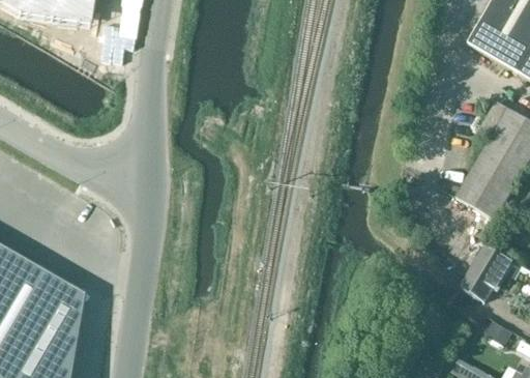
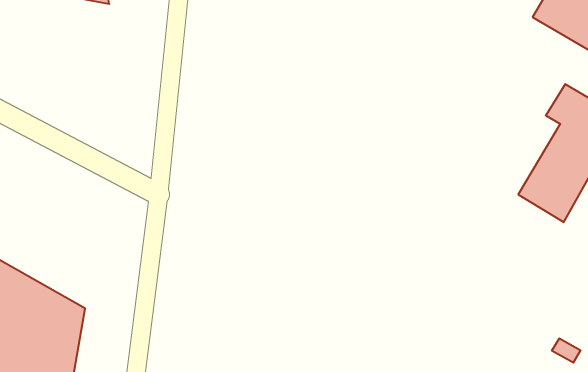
building: [460,242,509,300] -> none

